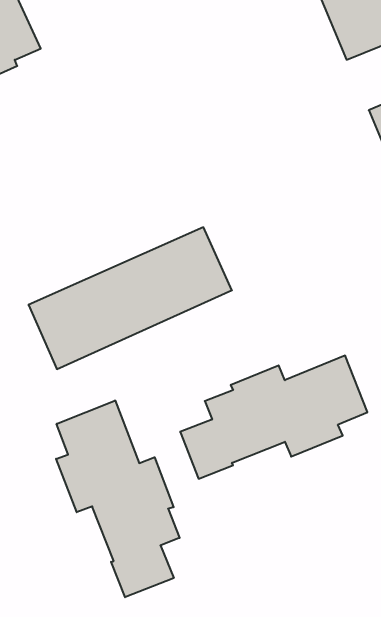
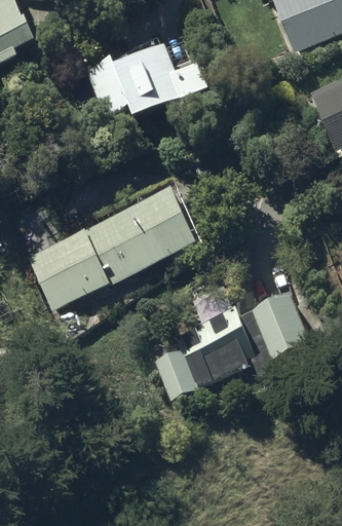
building: none -> [87,36,211,119]
building: [56,400,180,597] -> none

